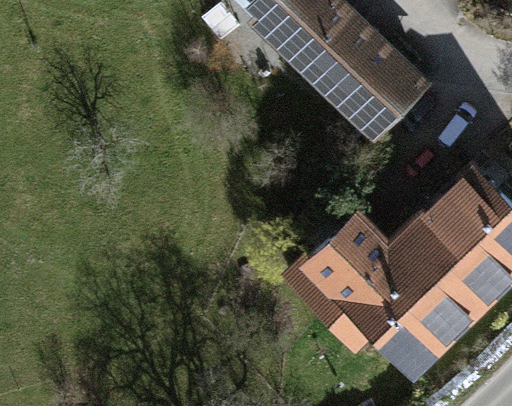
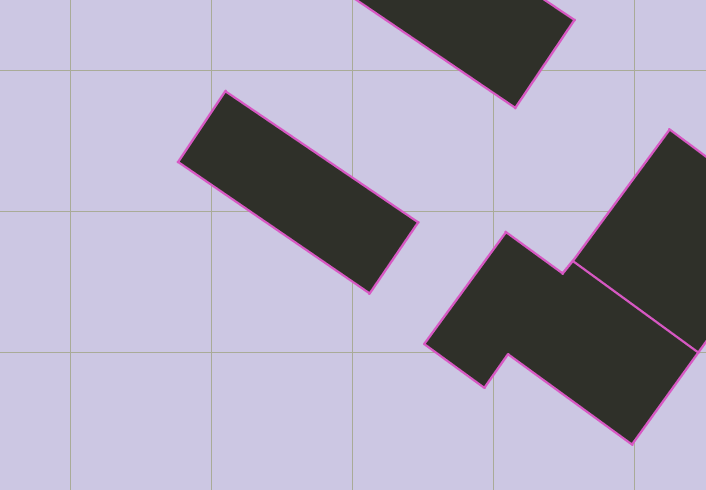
building: none -> [178,91,418,294]

